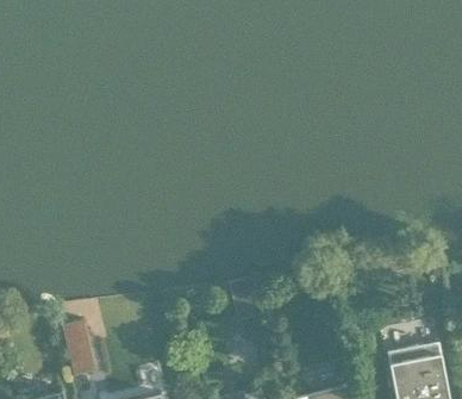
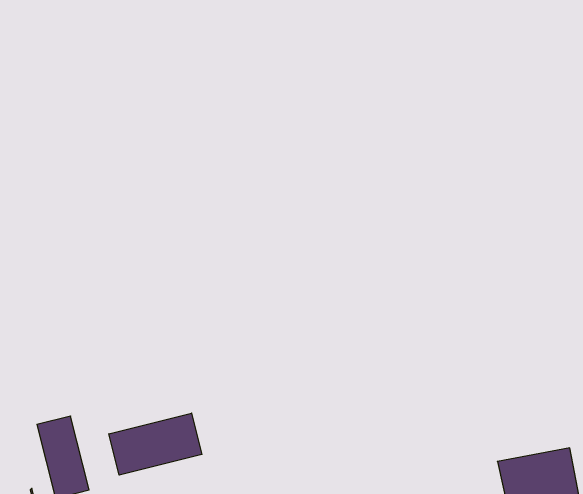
building: none -> [109,413,202,475]

